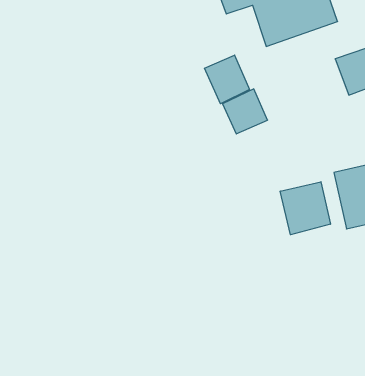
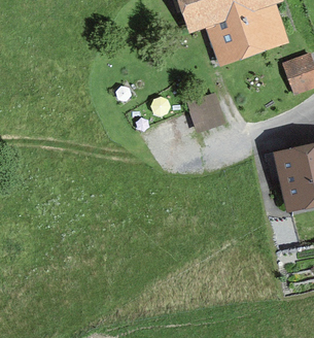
building: [205,55,249,104] -> none
building: [280,182,330,235] -> none

